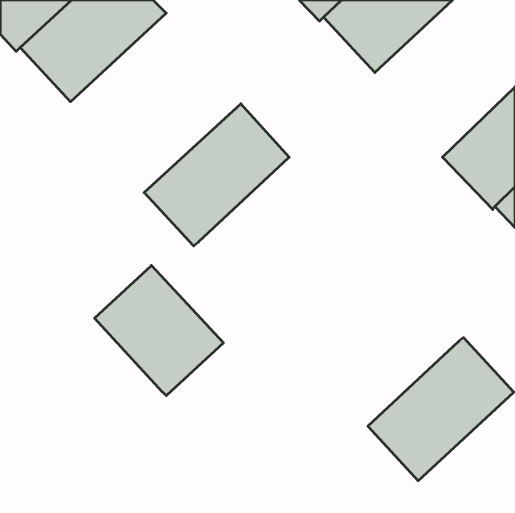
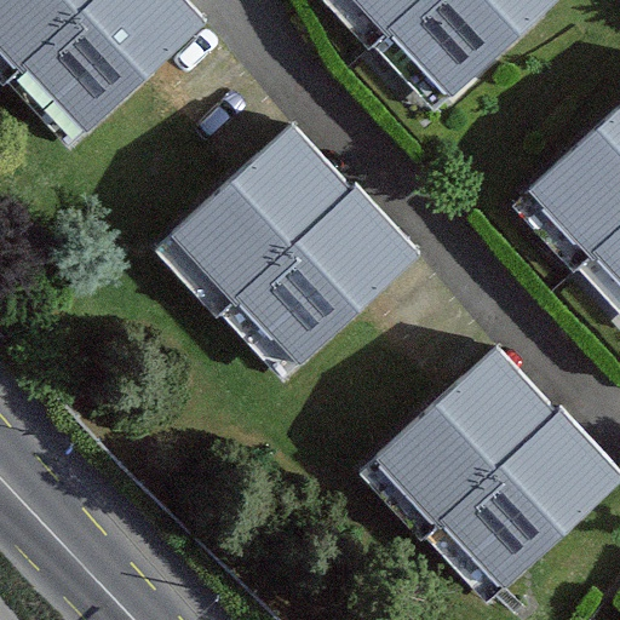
building: none -> [239,186,414,358]
building: [95,265,223,396] -> none
building: none -> [377,349,551,519]

